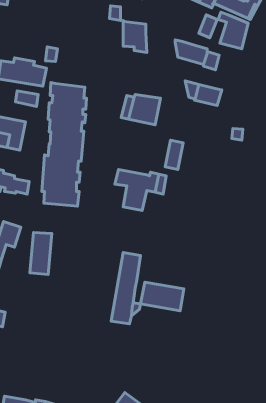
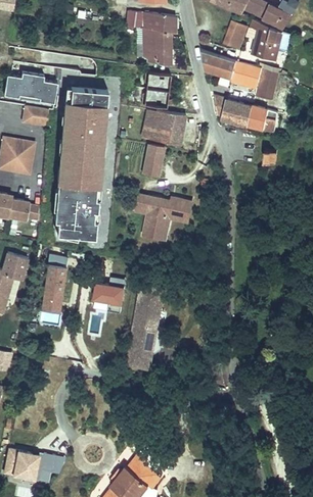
building: none -> [143,13,175,34]
building: none -> [257,69,277,100]
building: none -> [142,72,168,106]
building: none -> [68,86,105,115]
building: none -> [249,106,277,131]
building: [165,140,183,170] -> [142,145,163,178]
building: none -> [92,284,123,311]
building: [140,282,184,311] -> none

